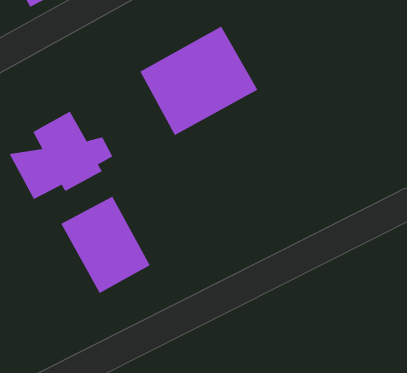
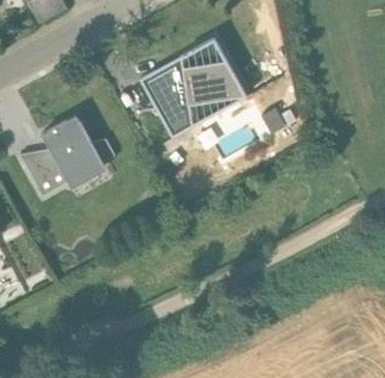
building: [61,196,151,294] -> none

